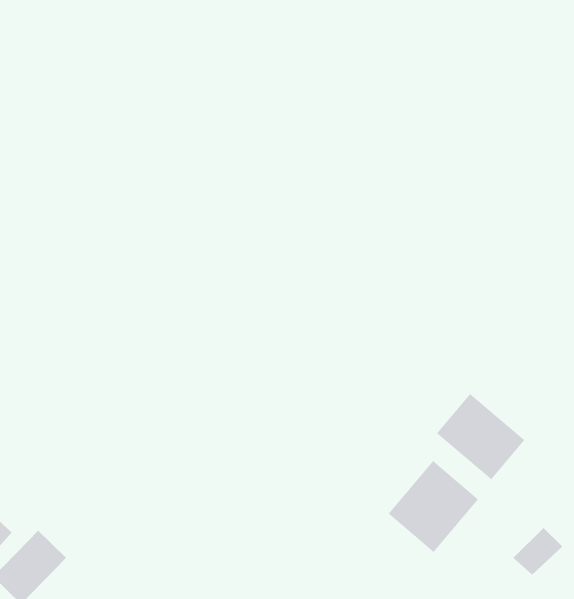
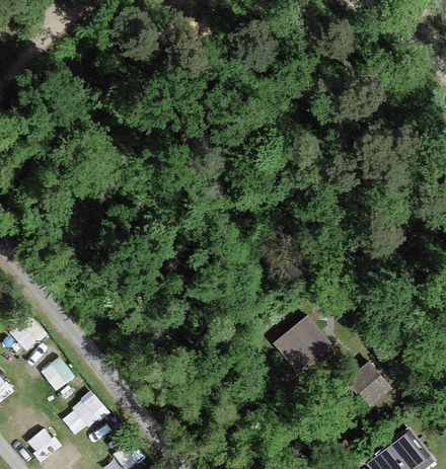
building: [436,393,525,480] -> none

